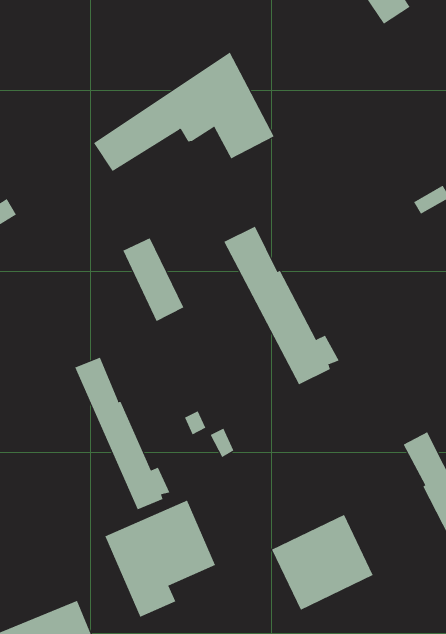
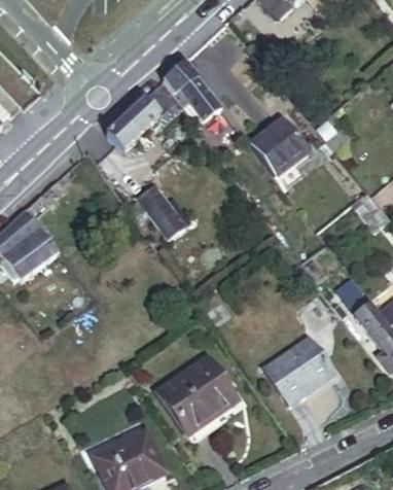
building: none -> [249,124,296,171]
building: [224,226,340,385] -> none
building: [75,357,170,510] -> none

